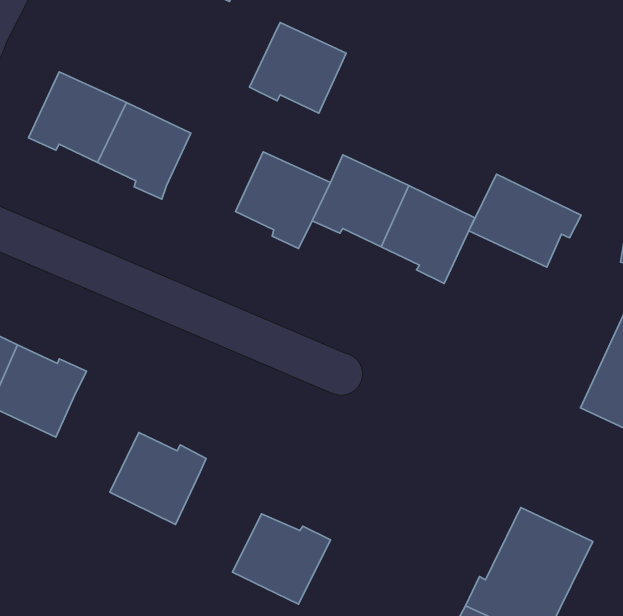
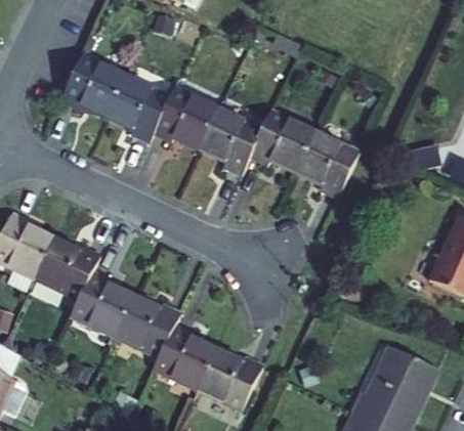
building: [250,23,346,113] -> [153,87,217,147]
building: [469,174,581,267] -> none
building: none -> [71,270,134,335]
building: none -> [153,324,216,388]

